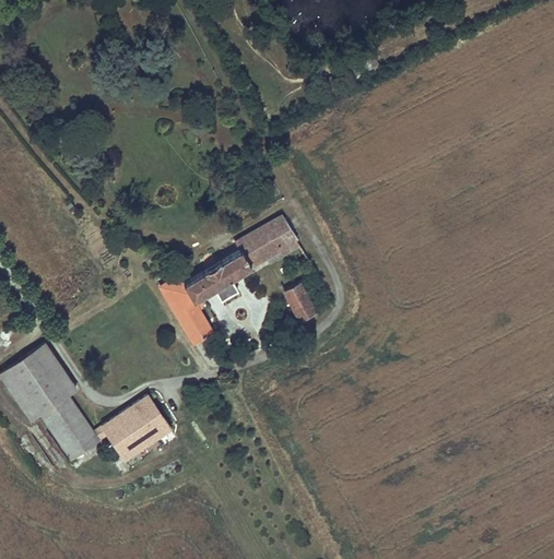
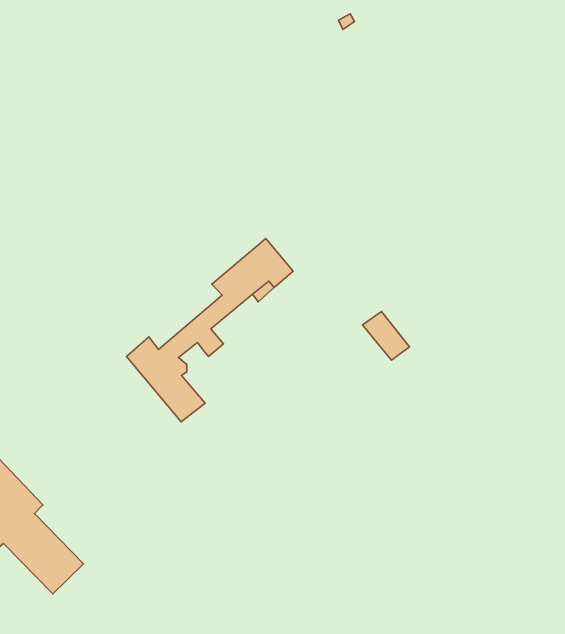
building: [282,285,315,323] -> [362,311,409,360]
building: [102,395,172,460] -> none

